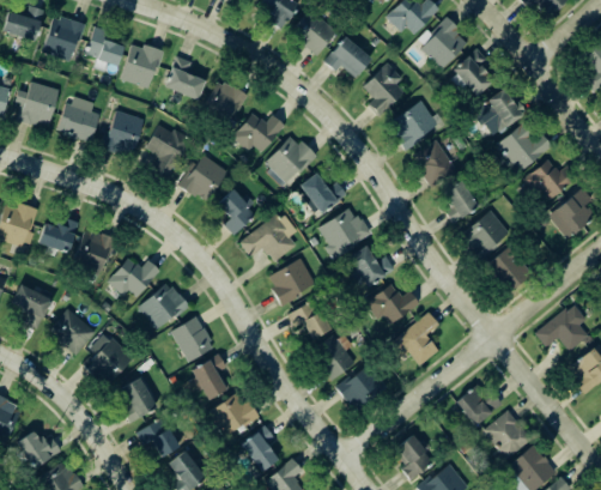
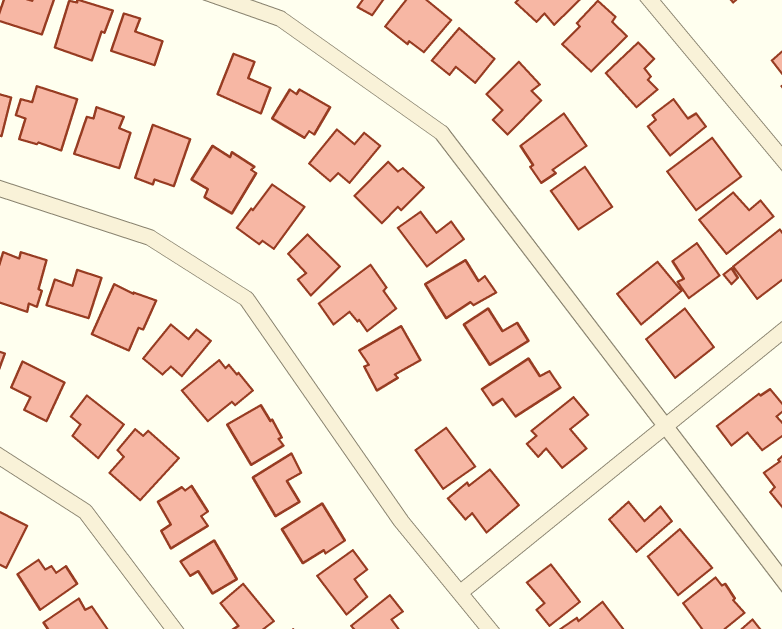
building: [120,44,165,89] -> none
building: [442,182,476,223] -> [673,243,719,298]
building: [287,303,330,340] -> none

